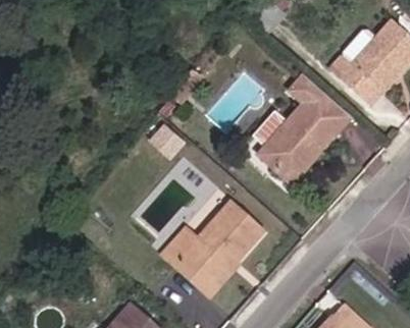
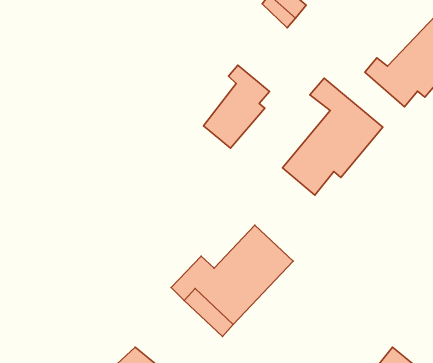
building: none -> [204,65,270,148]

